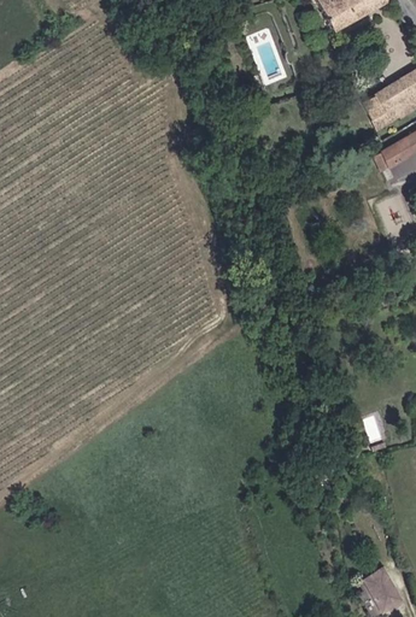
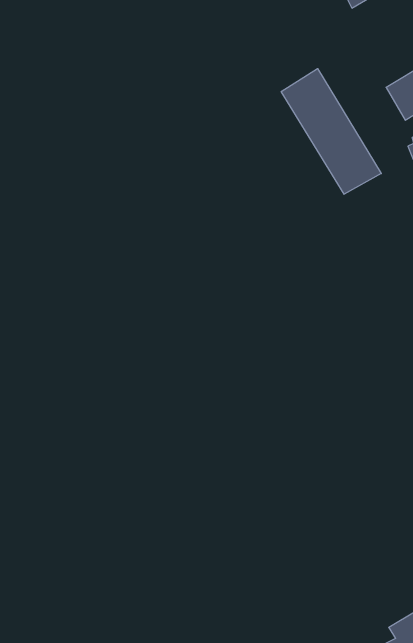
building: none -> [281,69,381,194]

